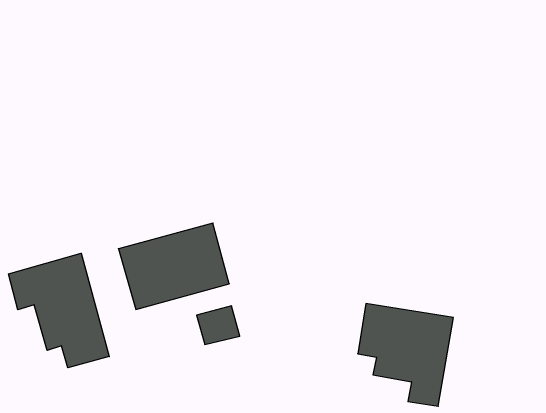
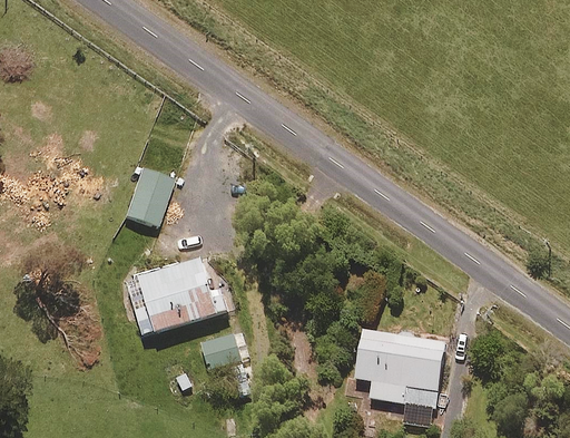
building: none -> [119,166,171,230]
building: [8,253,109,368] -> none

